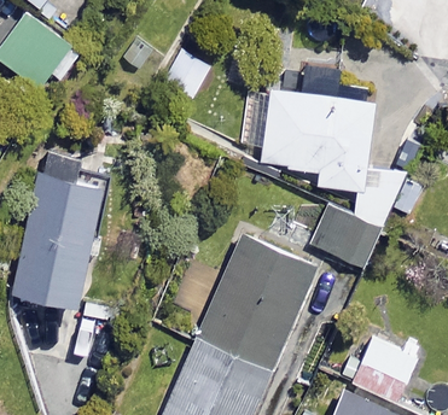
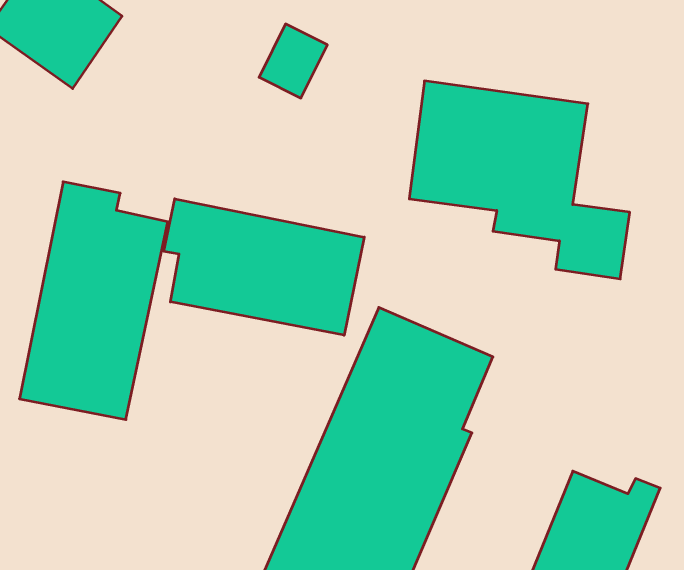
building: none -> [164,199,364,335]
building: [312,206,382,268] -> none

